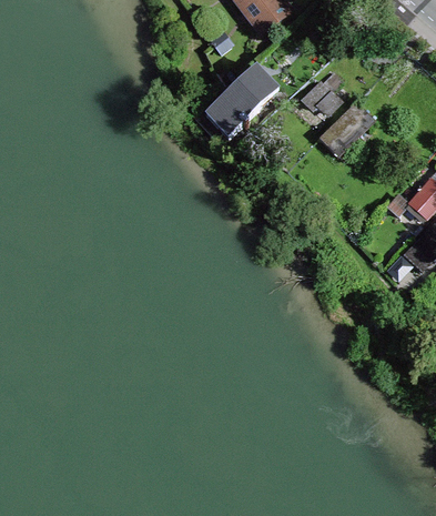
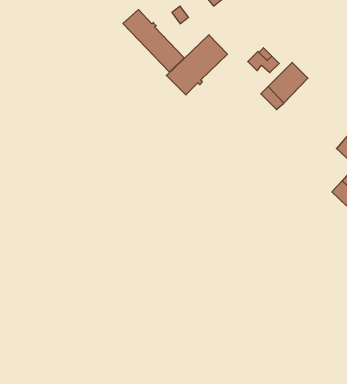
building: none -> [123,10,184,72]

